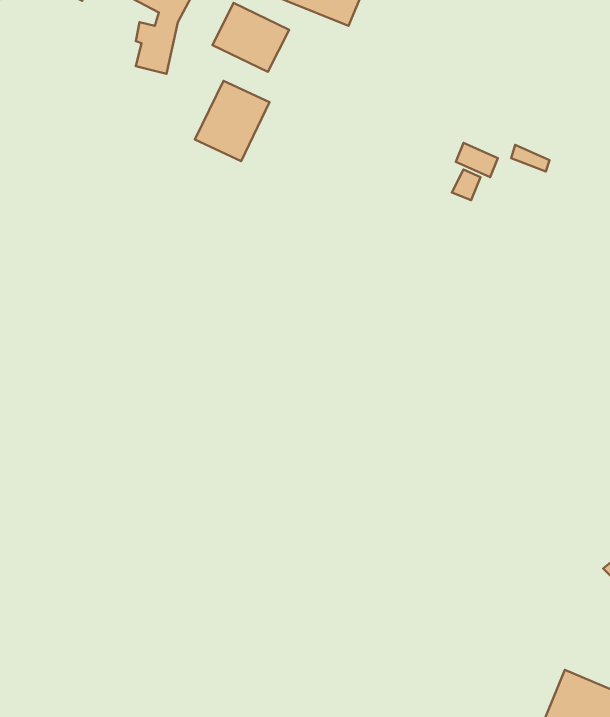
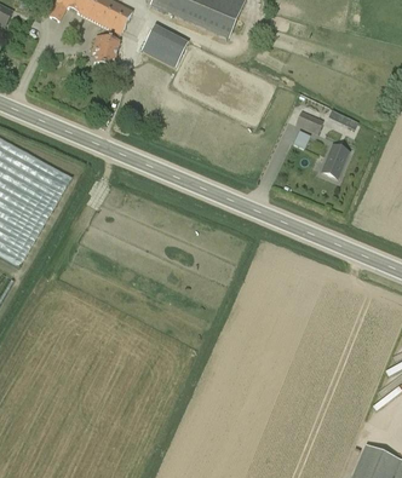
building: [195,81,270,161] -> none
building: none -> [321,143,349,178]

